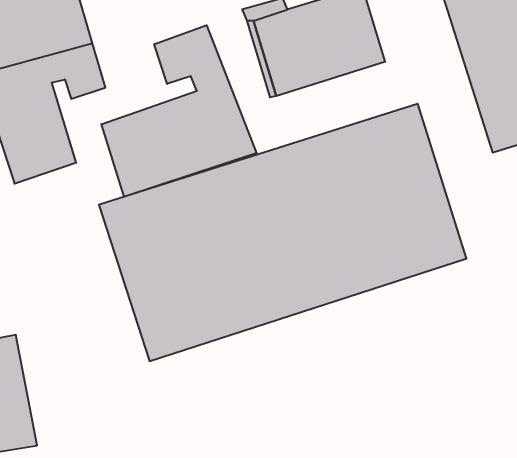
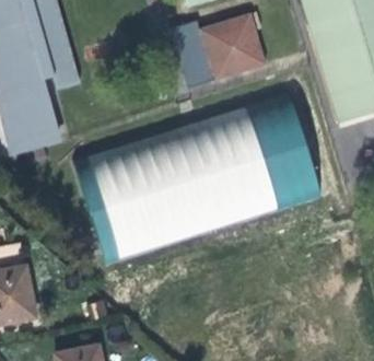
building: [101,25,257,197] -> none

